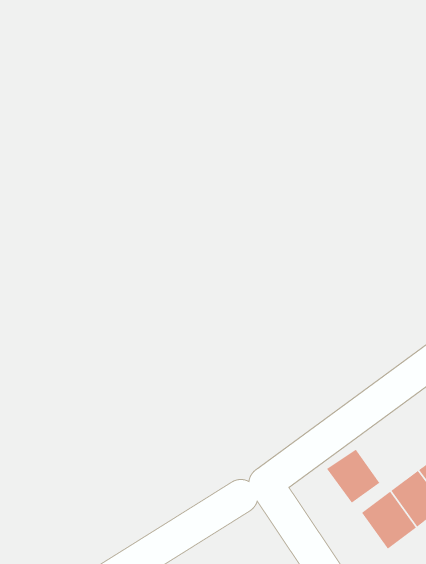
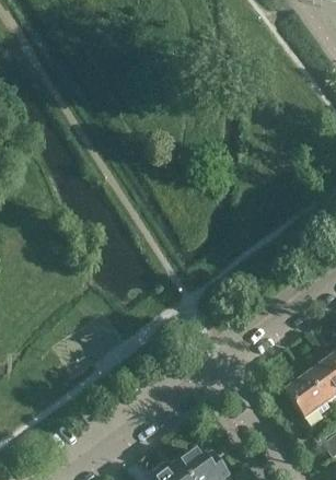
building: [326,449,380,504] -> none

